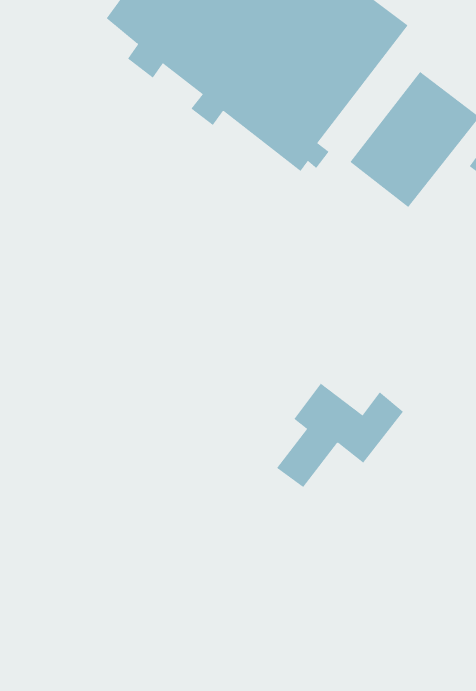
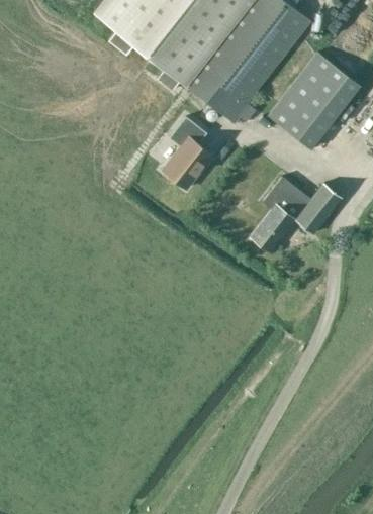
building: none -> [163,115,212,188]
building: [276,383,404,488] -> [251,176,341,249]

